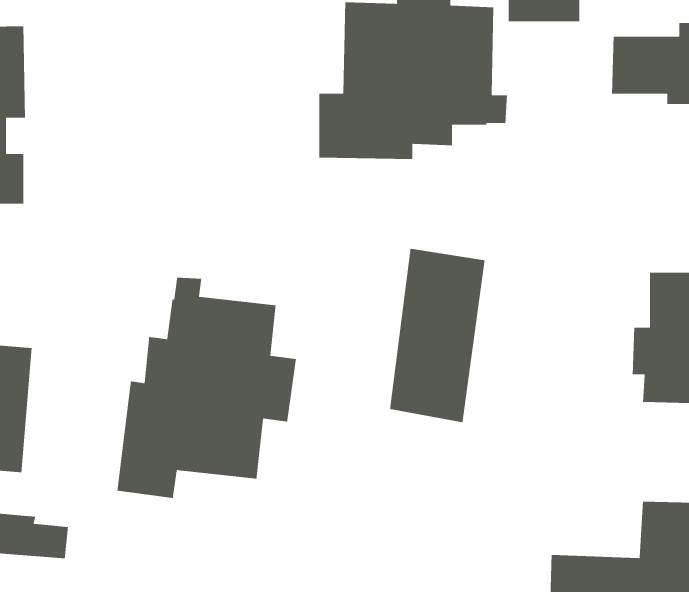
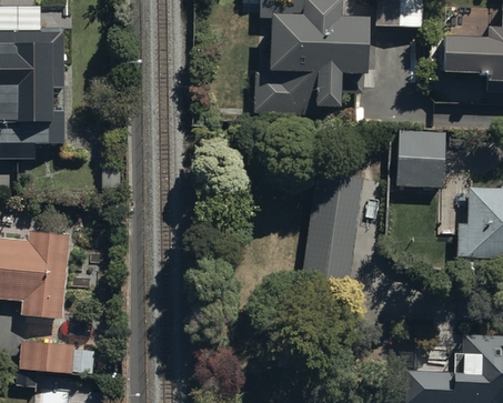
building: none -> [396,132,444,188]
building: [117,277,297,499] -> none

